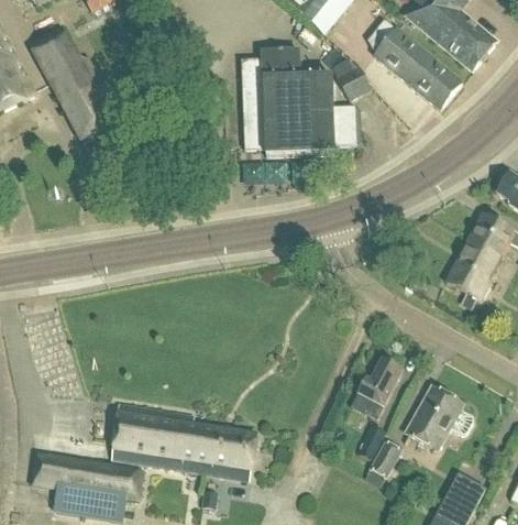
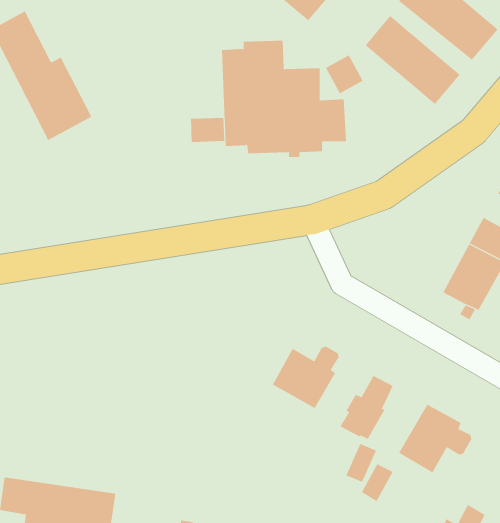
building: none -> [190,117,225,143]
building: none -> [272,346,339,409]
building: [110,403,255,480] -> none

